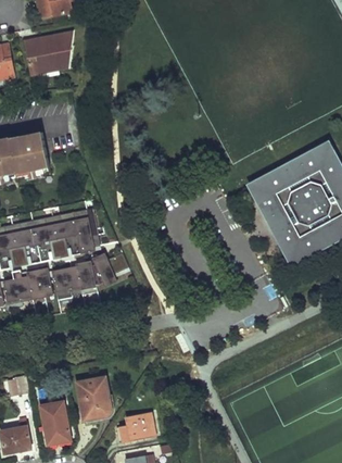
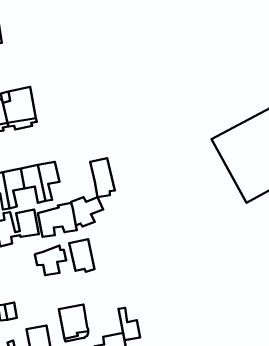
building: [23,33,71,73] -> none
building: [73,209,101,253] -> [90,158,115,197]
building: none -> [69,239,94,272]
building: none -> [35,246,66,275]
building: none -> [119,308,140,340]

